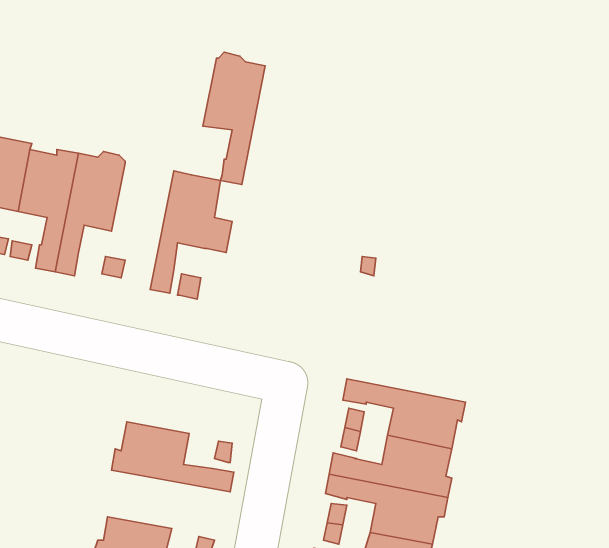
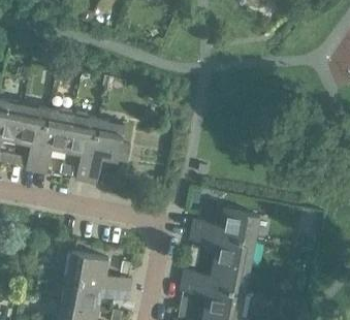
building: [203,52,265,184] -> [66,111,99,182]
building: none -> [191,209,256,242]
building: none -> [64,278,129,309]

